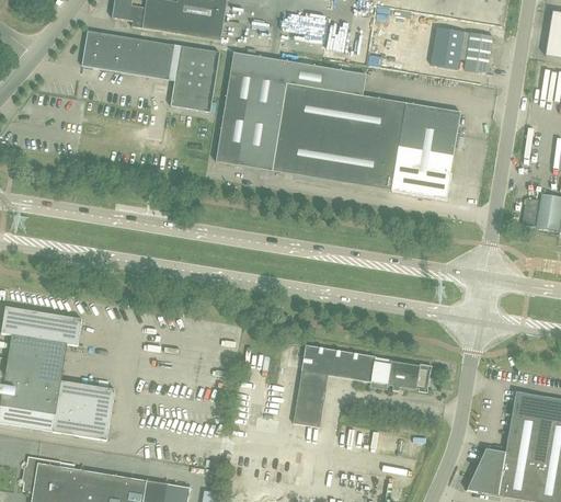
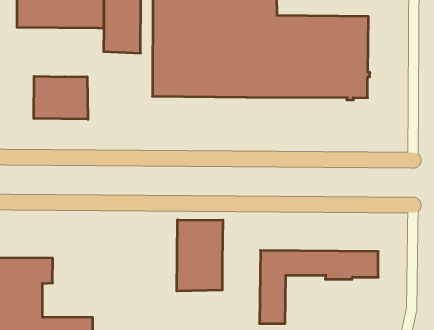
building: none -> [34,76,88,119]
building: none -> [177,220,223,291]

